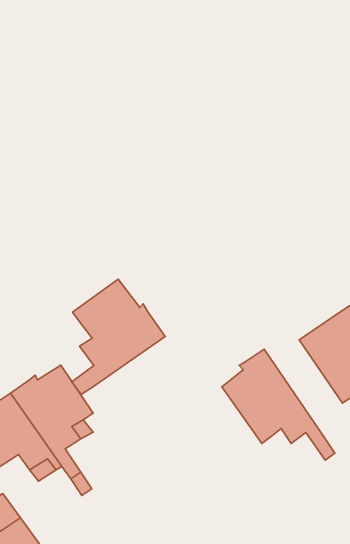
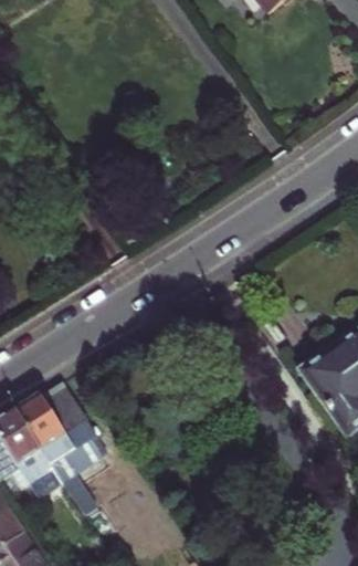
building: [72,279,165,394] -> none
building: [222,349,335,460] -> none

